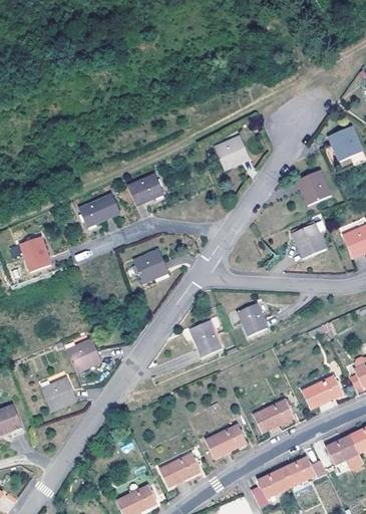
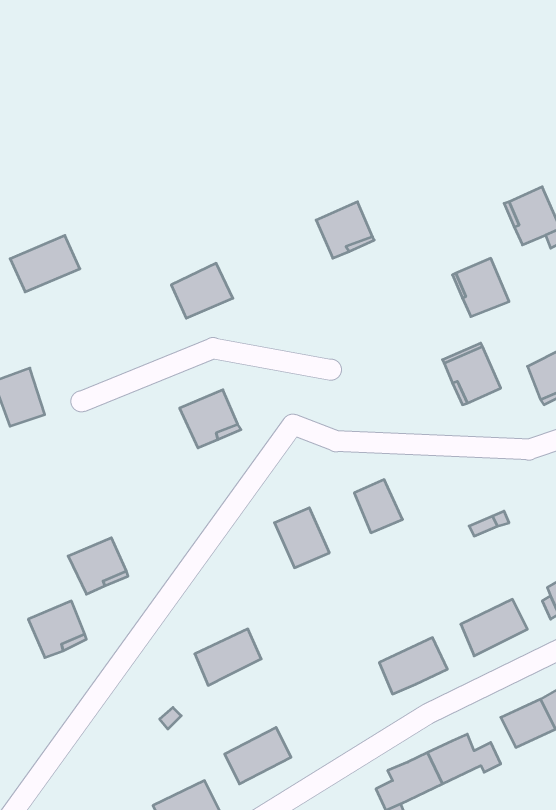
building: [78,193,120,227] -> [10,235,80,292]
building: [206,425,246,459] -> [195,629,261,685]

